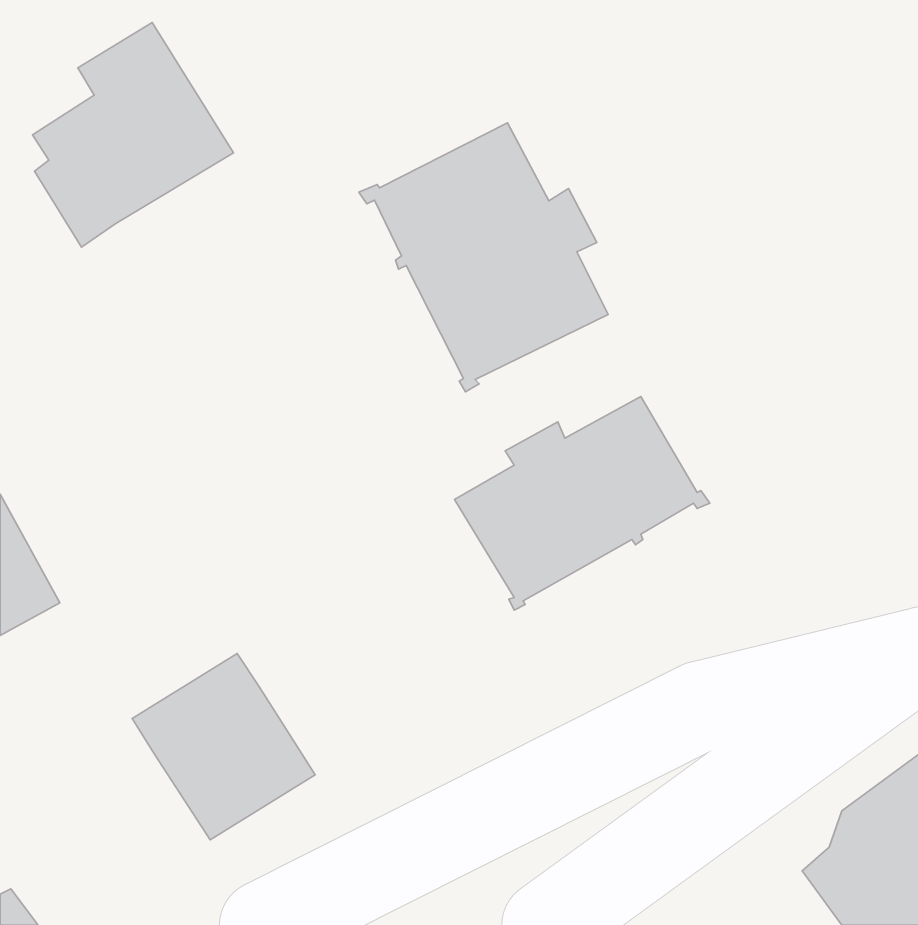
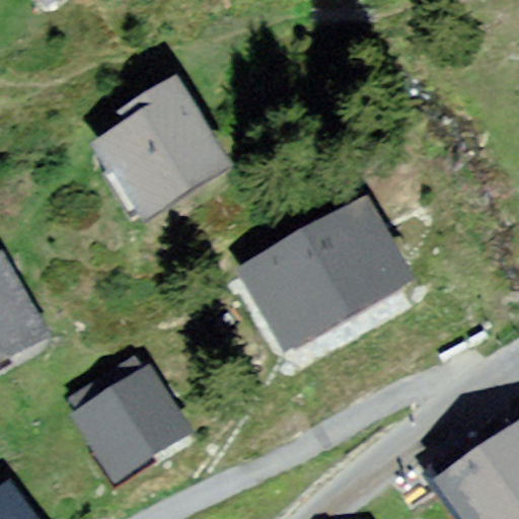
building: [33,23,234,247] -> [105,94,218,220]
building: [359,123,608,392] -> none

